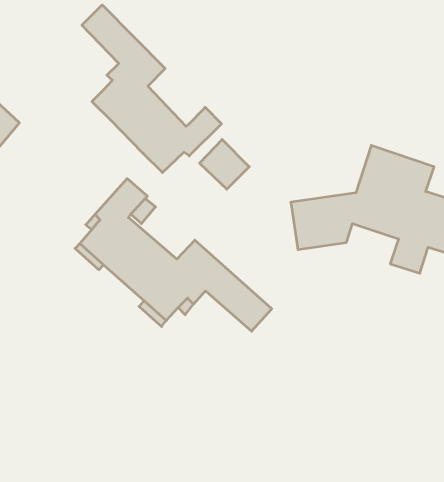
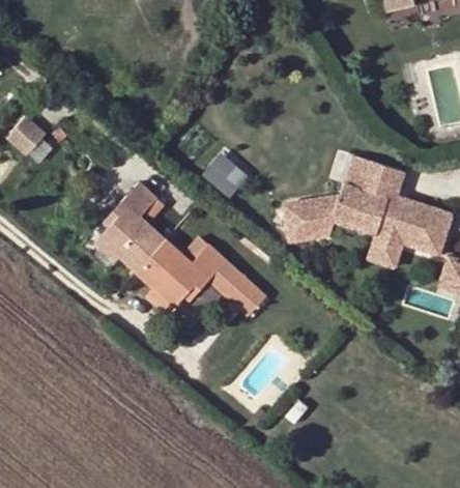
building: [82,5,221,173] -> none

